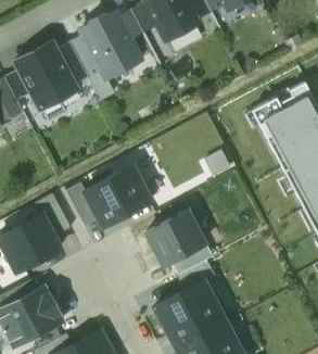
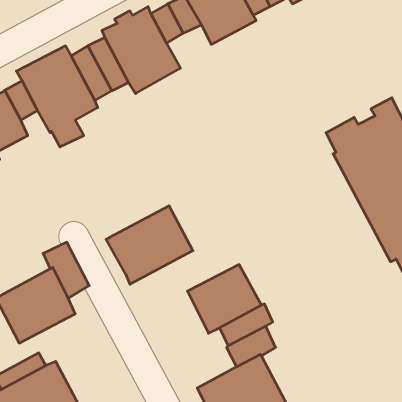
building: [66,181,99,226] -> none

